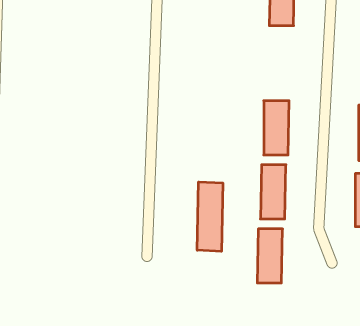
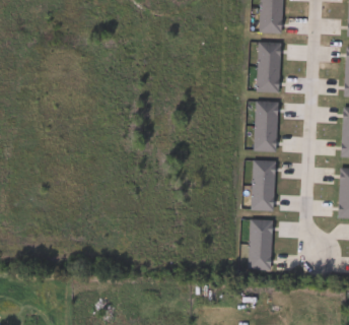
building: none -> [257,42,280,92]
building: [197,182,223,251] -> none

